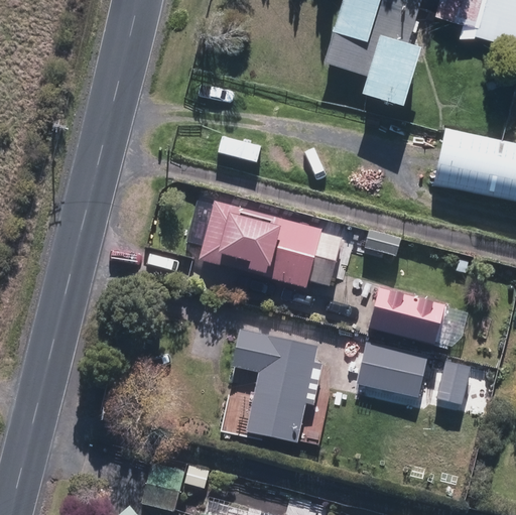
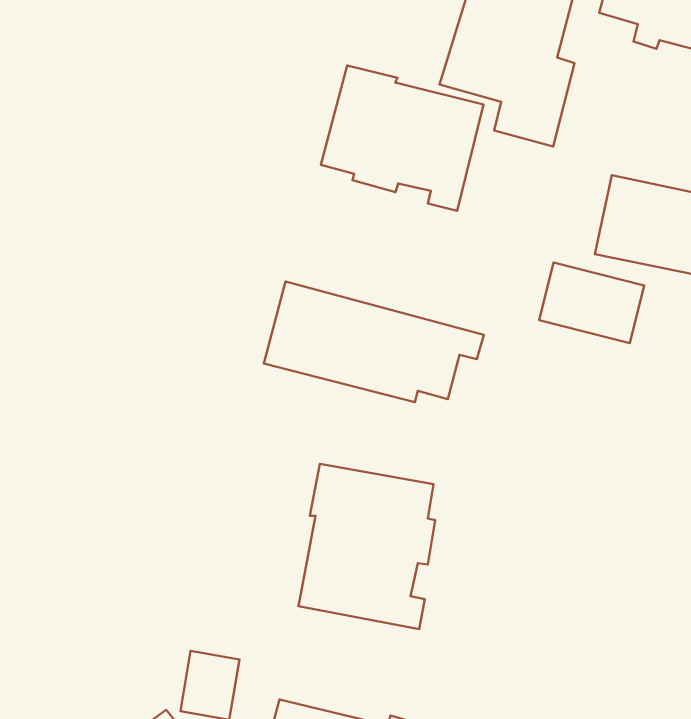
building: none -> [321,65,483,211]
building: [369,286,442,343] -> [539,263,644,343]
building: [342,344,471,404] -> none

